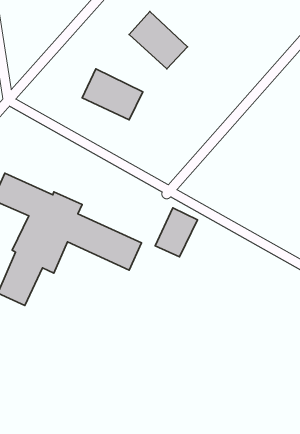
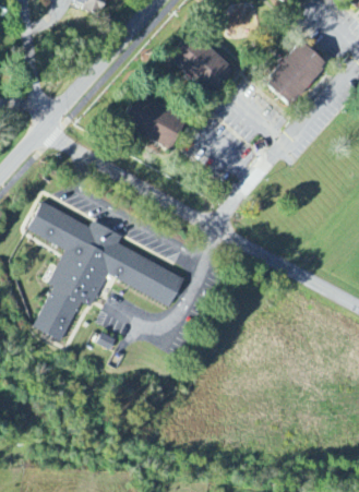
building: none -> [264,40,327,104]
building: [155,208,197,257] -> none

